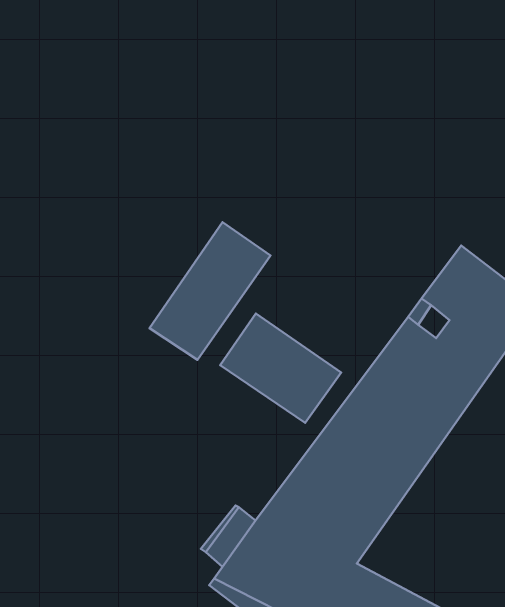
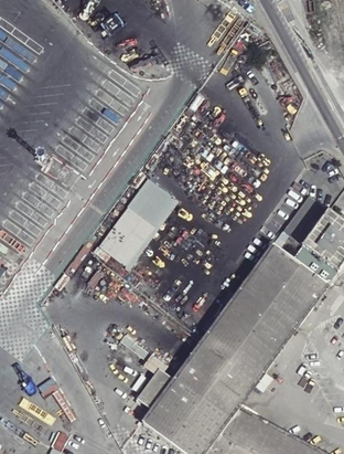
building: [220,313,341,423] -> none

